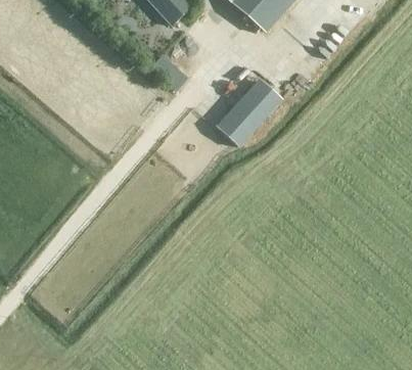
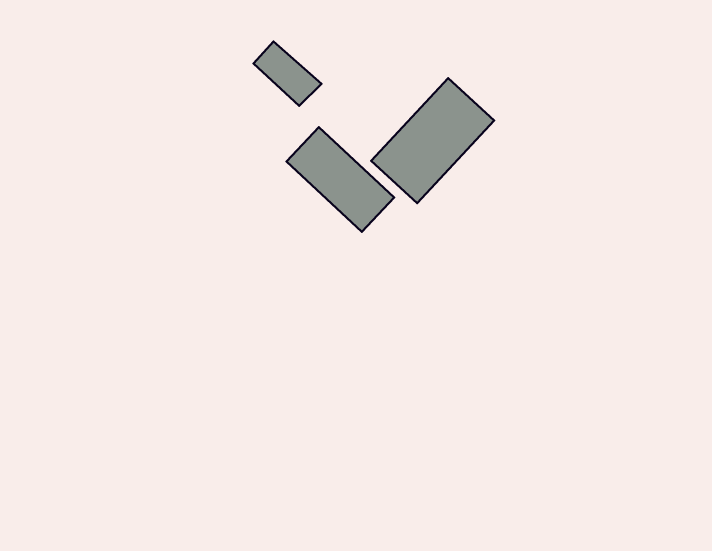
building: none -> [286,127,394,232]

